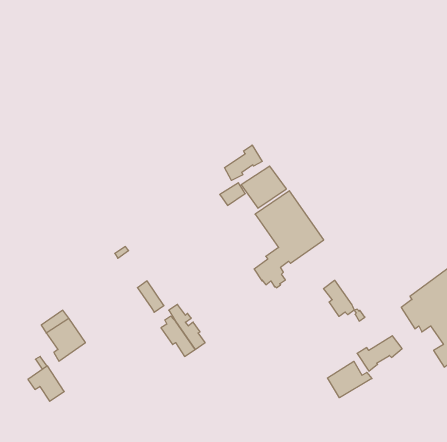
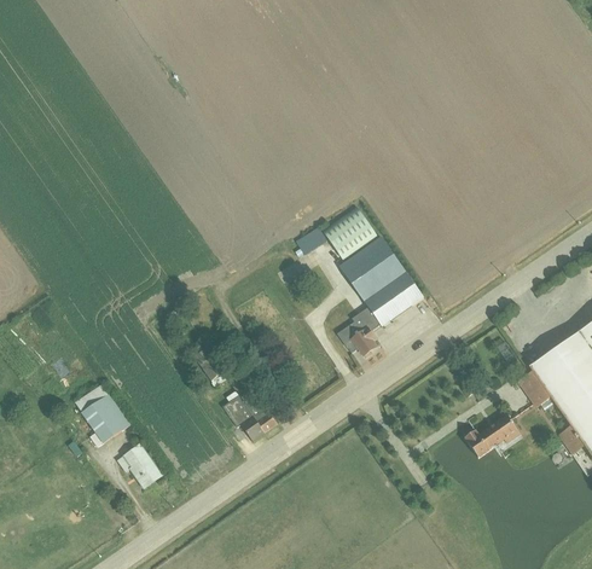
building: [225,145,262,180] -> none
building: [324,280,354,316] -> none
building: [327,361,372,398] -> none
building: [28,366,64,401] -> [117,443,162,487]

